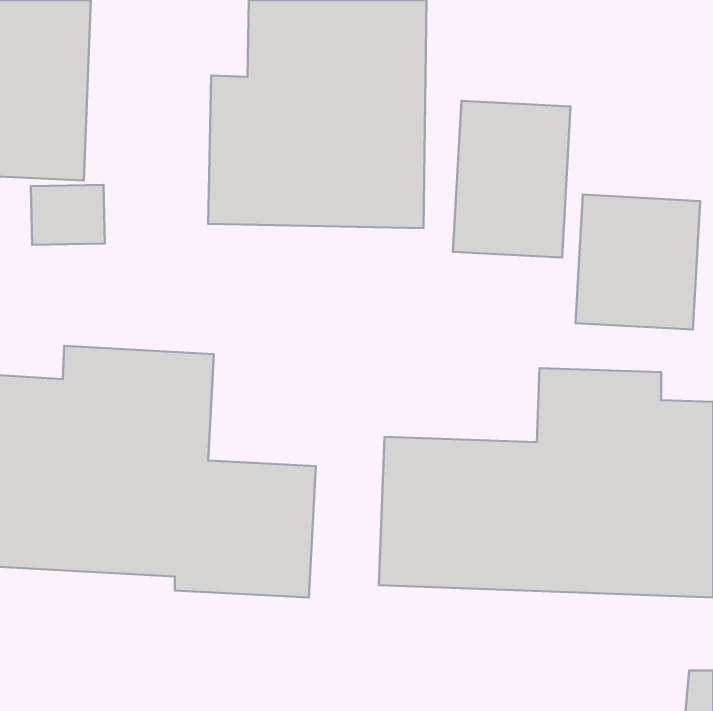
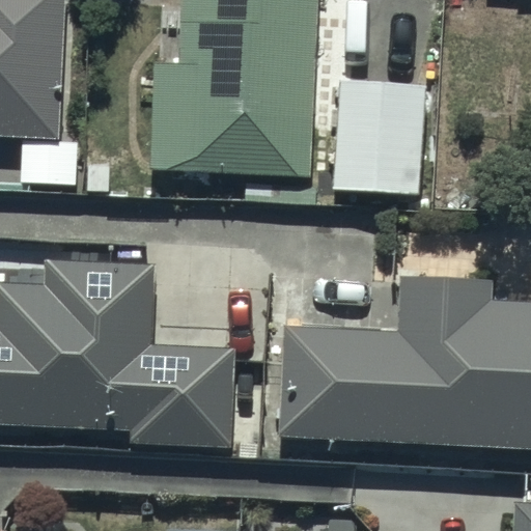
building: [575,195,700,330] -> none

